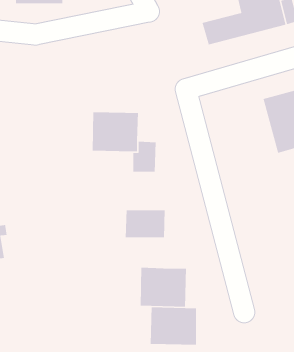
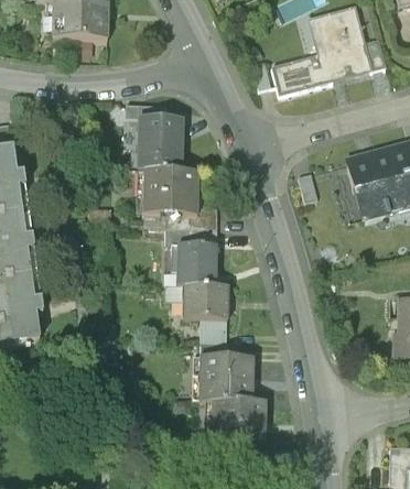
building: none -> [136,118,183,171]
building: none -> [176,242,217,286]
building: none -> [199,320,228,356]

